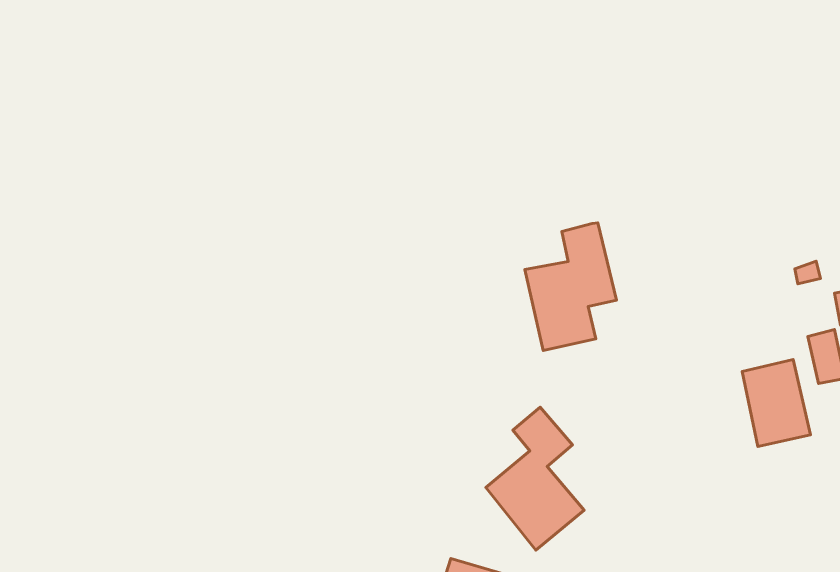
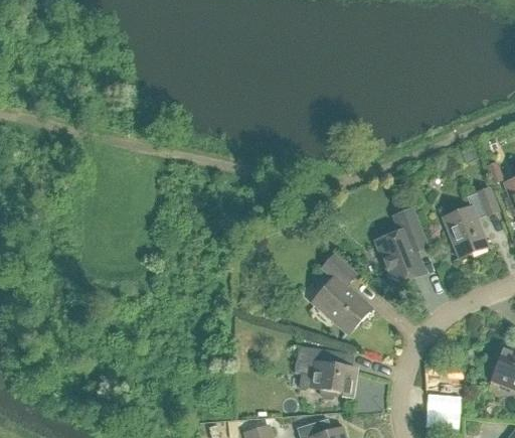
building: [525,223,617,350] -> [376,206,430,282]

